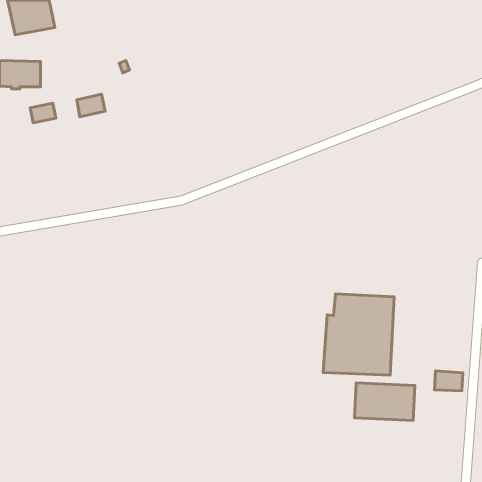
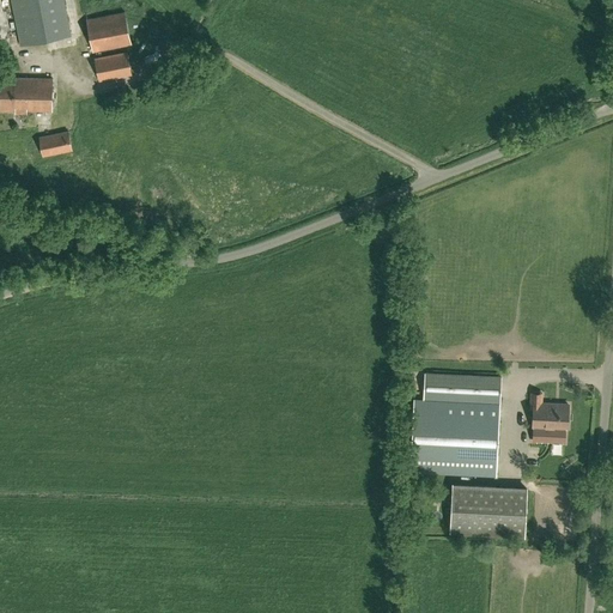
building: none -> [86,13,131,51]
building: [77,94,105,117] -> [95,53,131,81]
building: [434,371,463,391] -> [532,403,568,429]

